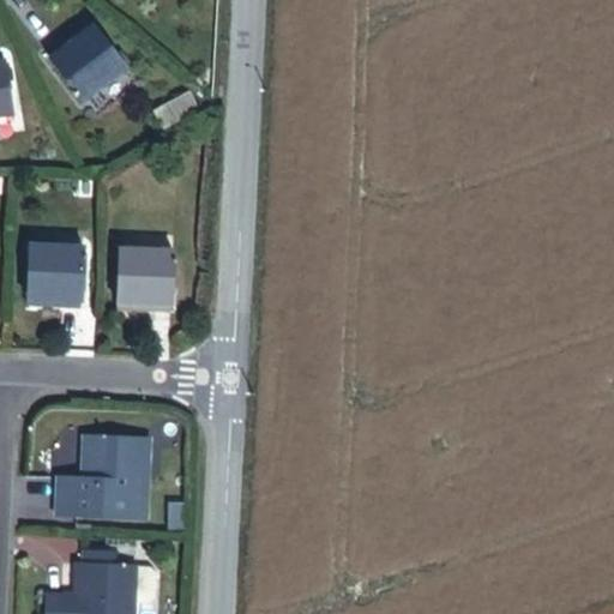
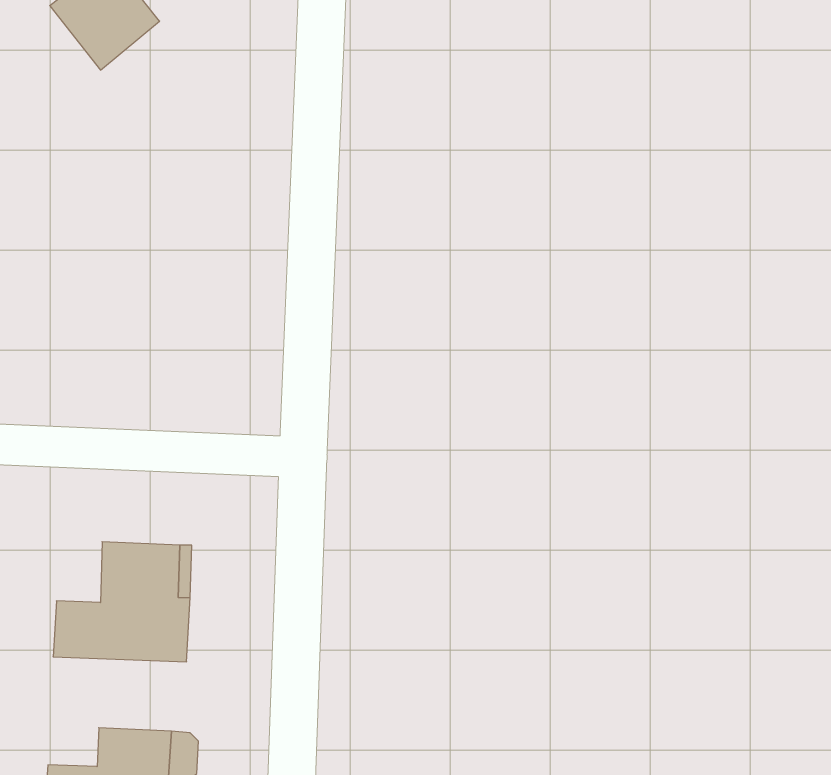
building: [28,246,83,308] -> none
building: [119,249,173,311] -> none

